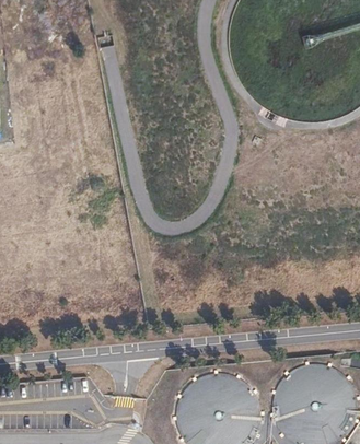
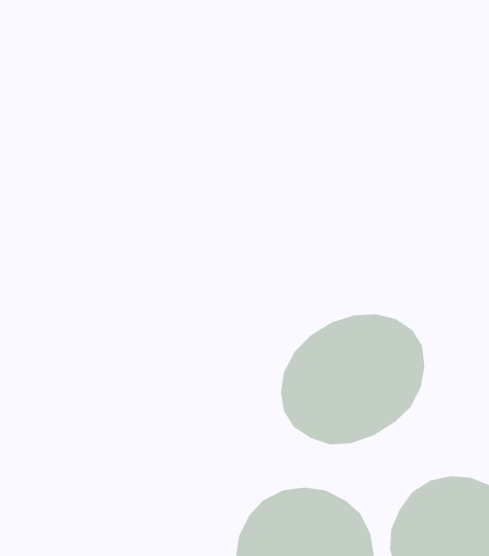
building: none -> [280,313,425,445]

